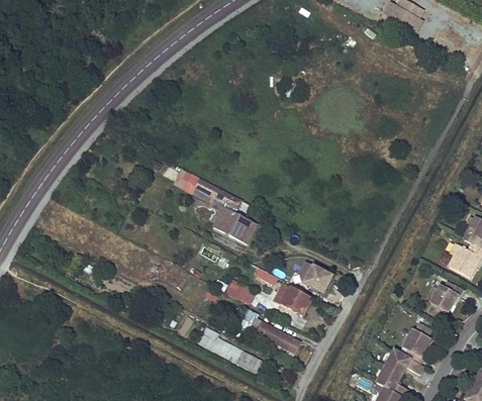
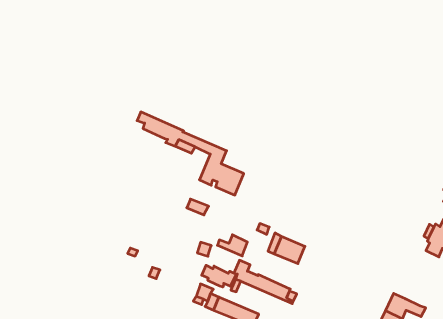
building: [294,261,333,295] -> none
building: none -> [202,265,236,287]
building: [404,323,430,364] -> none

